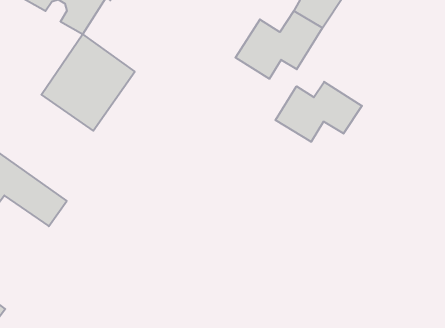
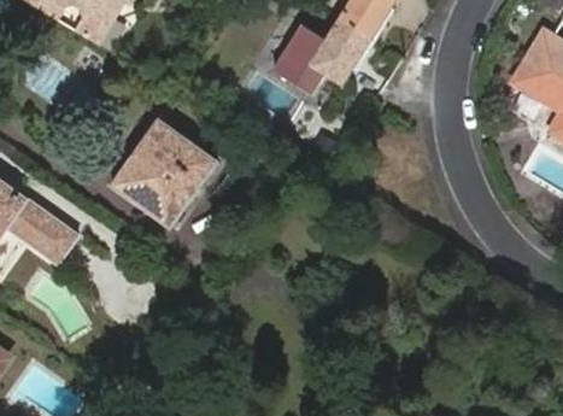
building: [41,34,135,131] -> [113,117,219,227]
building: [275,82,362,142] -> none

